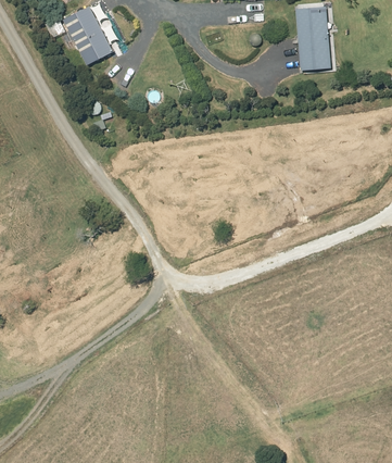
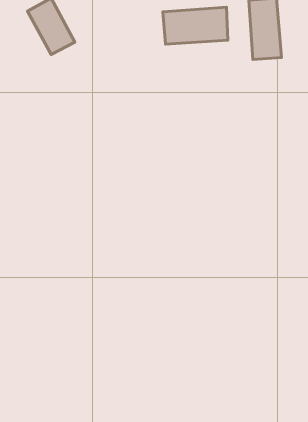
building: none -> [163,7,228,44]

